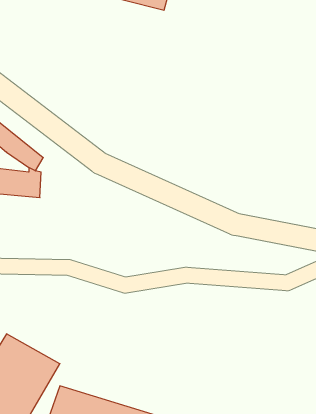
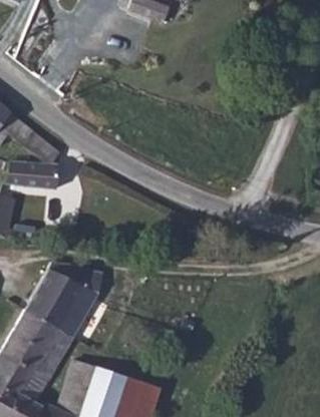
building: none -> [26,263,106,339]

